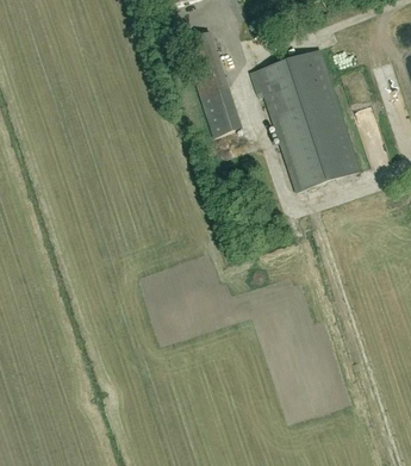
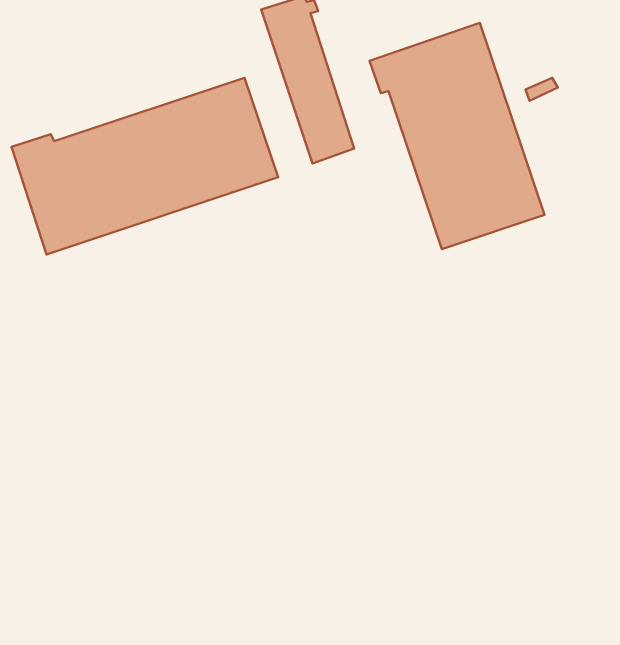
building: none -> [12,78,278,254]

